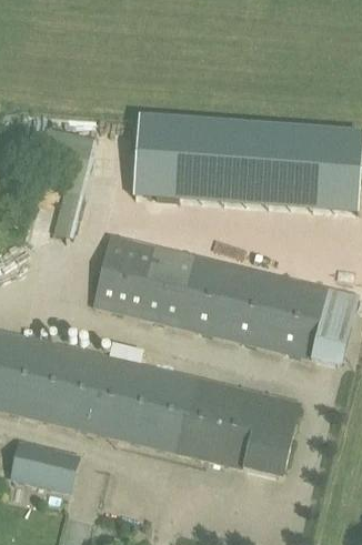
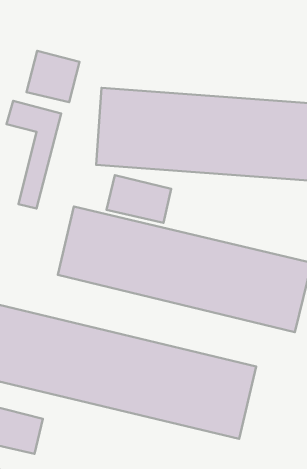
building: none -> [26,51,80,102]
building: none -> [106,175,171,223]

